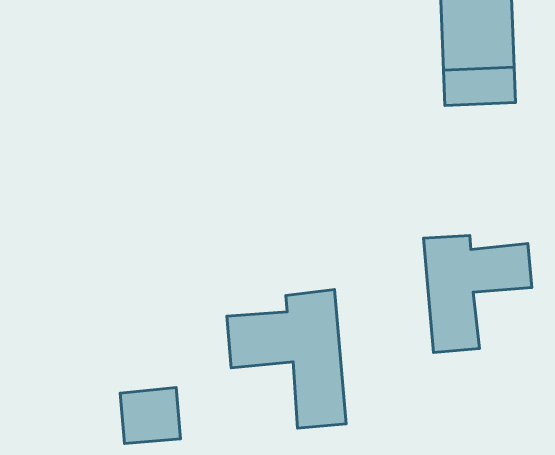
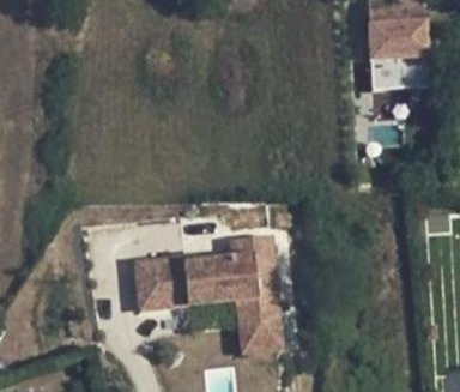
building: [423,236,532,352] -> none
building: [120,387,180,443] -> [144,261,193,307]

